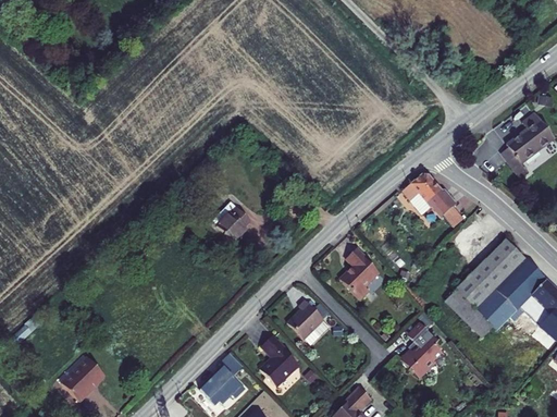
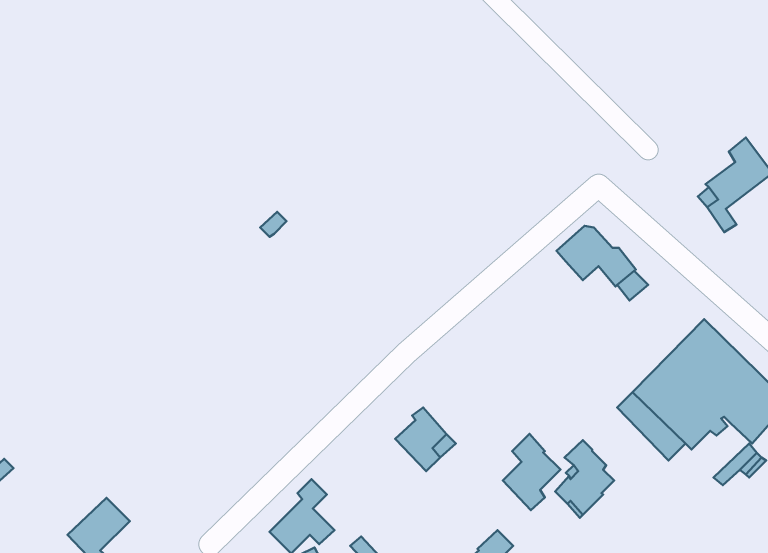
building: [218,207,252,244] -> none
building: [342,244,382,297] -> [503,434,560,510]
building: [260,334,299,383] -> none

